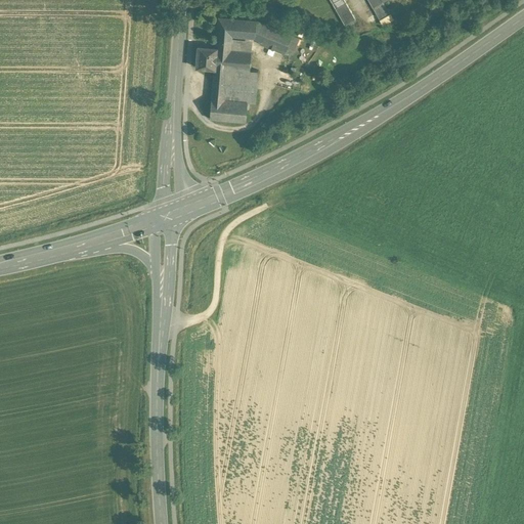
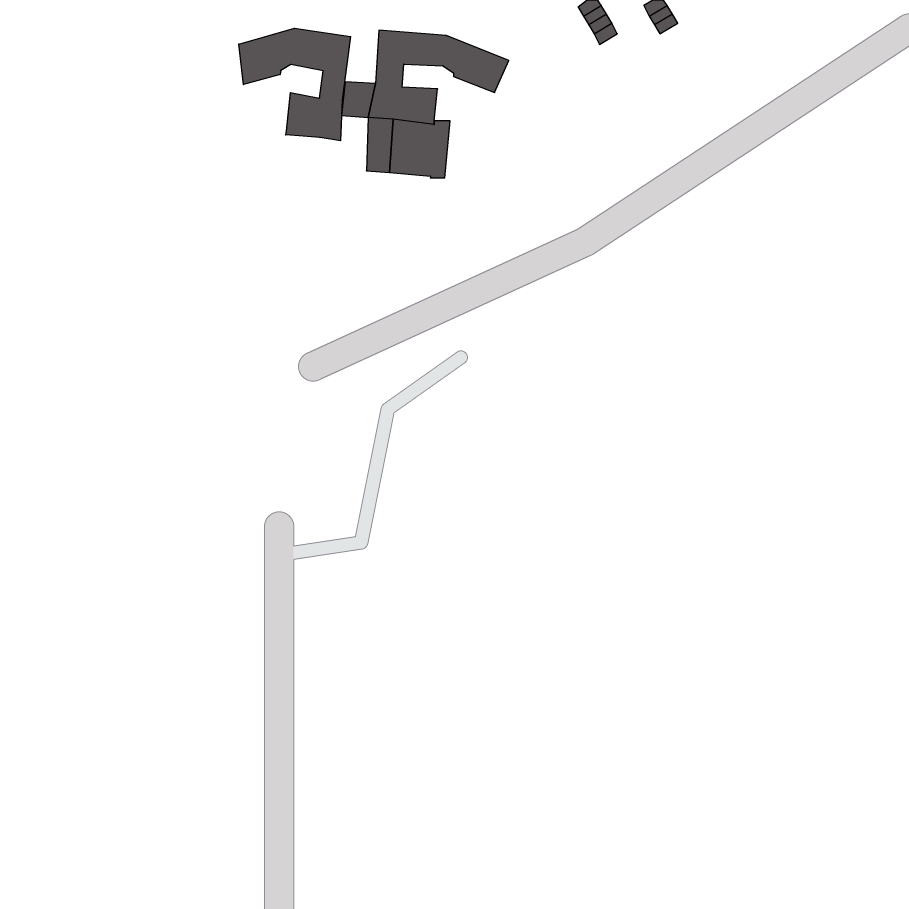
building: none -> [239,28,351,141]
building: [210,98,248,122] -> none

